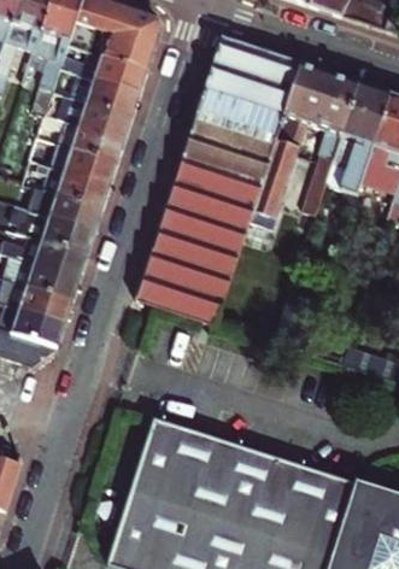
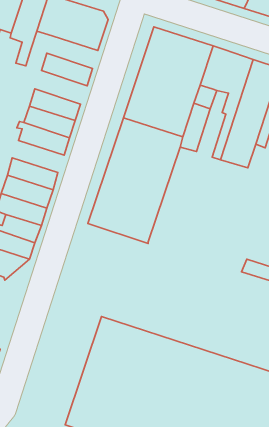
building: [82,49,149,93] -> none
building: [66,95,135,140] -> none
building: [36,188,105,230] -> none

